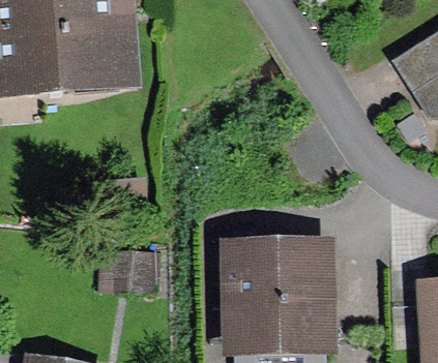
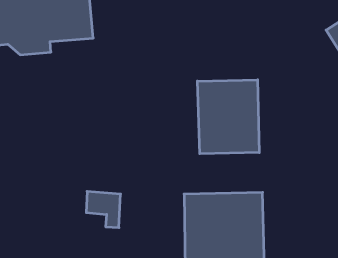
building: none -> [197,80,259,154]

